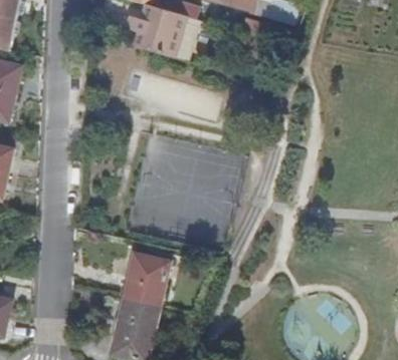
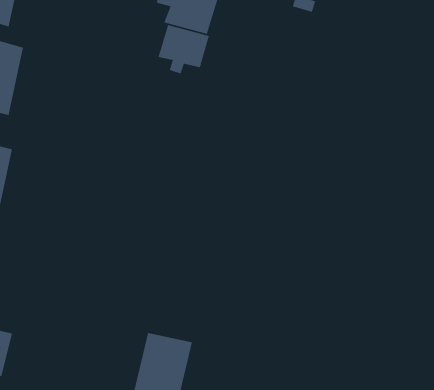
building: none -> [158,24,210,75]
building: [123,254,170,308] -> none

